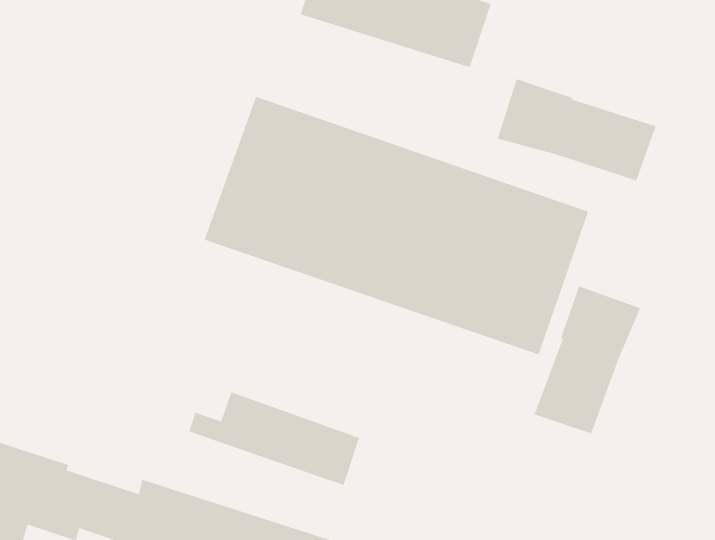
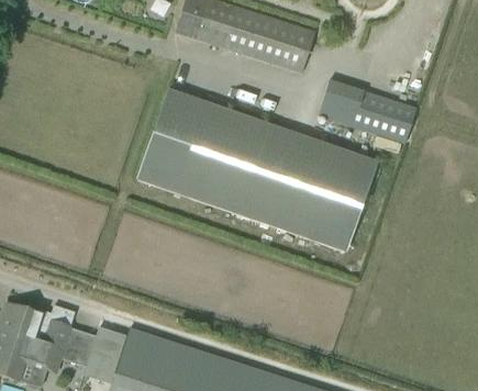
building: [534,286,641,434] -> none
building: [189,392,360,486] -> none

